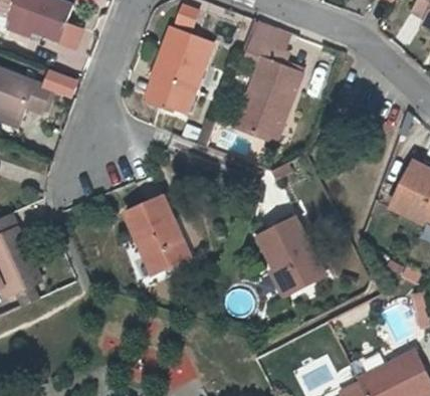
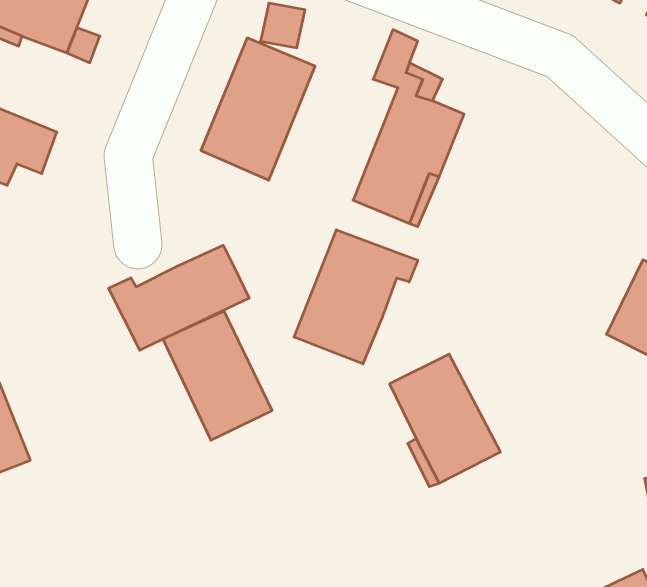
building: none -> [294,230,418,364]
building: none -> [109,245,249,350]

